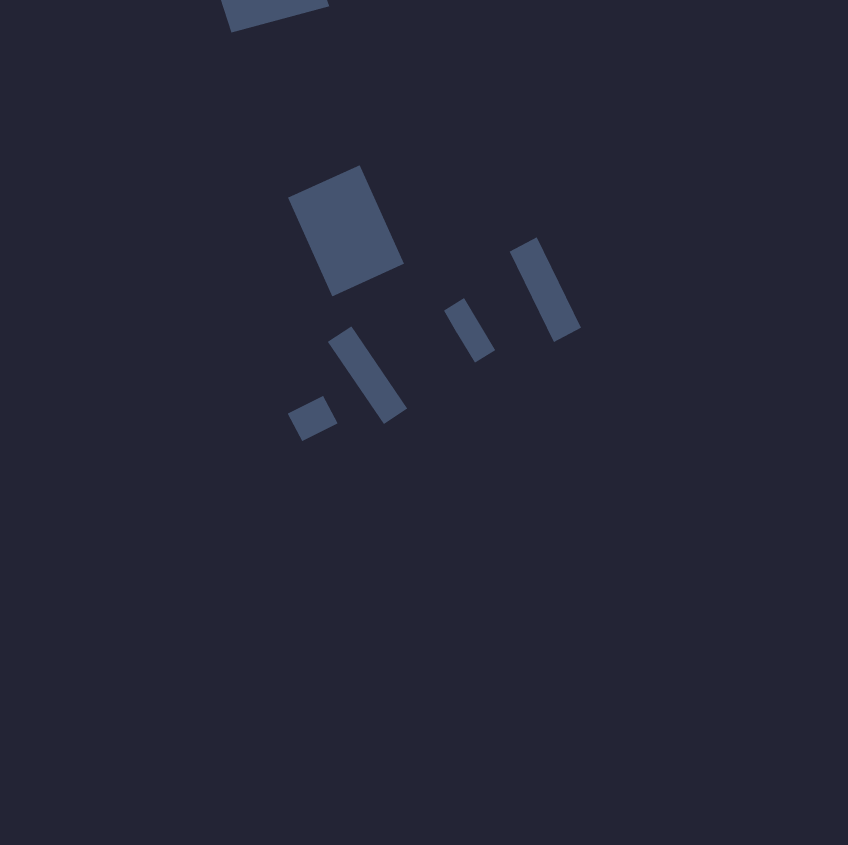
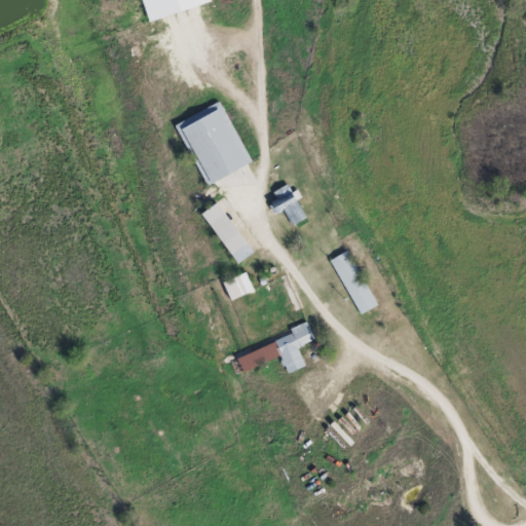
building: [509,236,582,343] -> [332,250,377,315]
building: [287,395,338,442] -> [223,271,255,300]
building: none -> [236,322,314,373]

